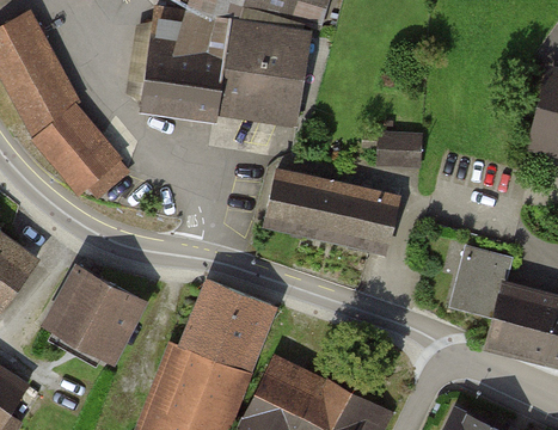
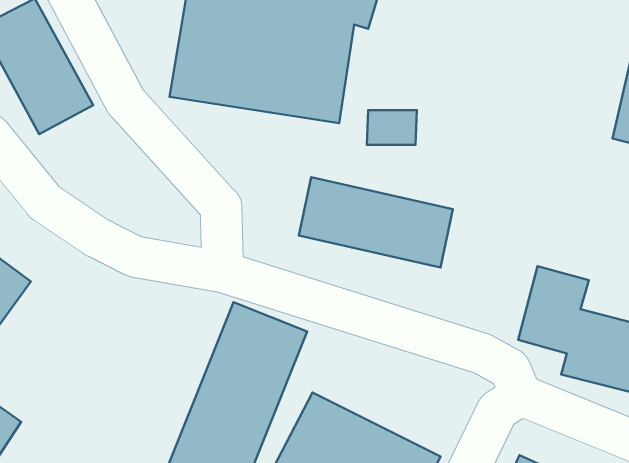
building: [39,110,129,194] -> none
building: [375,134,418,164] -> [367,110,417,145]
building: [44,265,141,360] -> none

